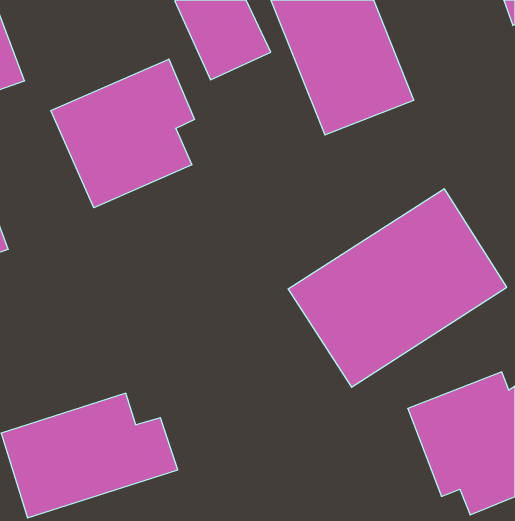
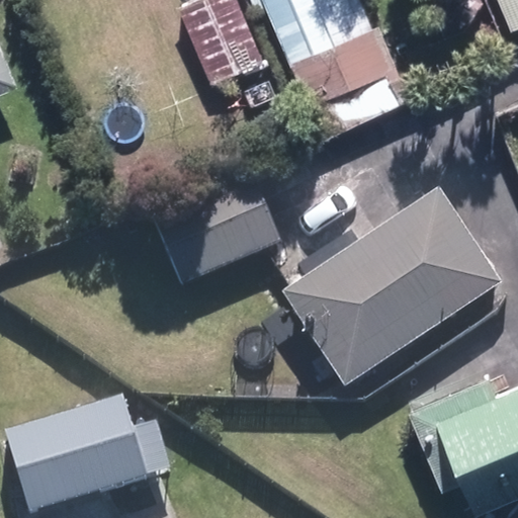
building: [51,59,195,208] -> none
building: none -> [143,168,282,291]

